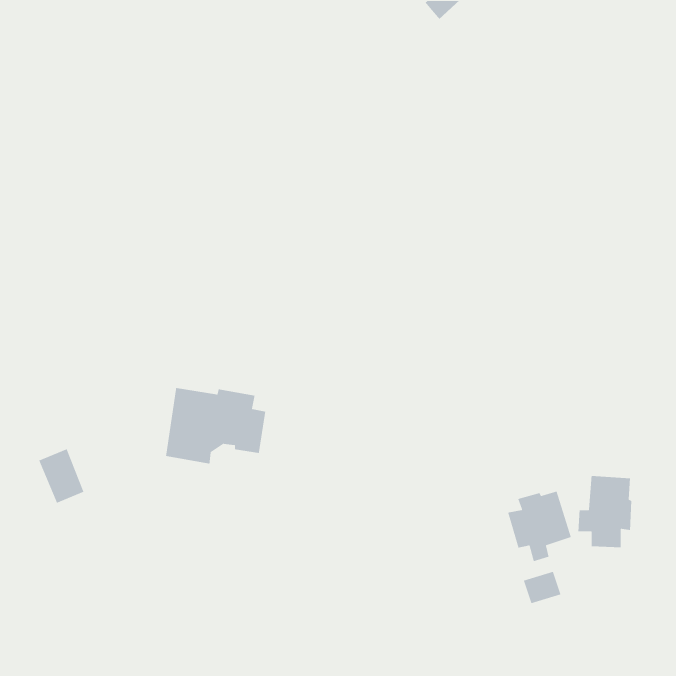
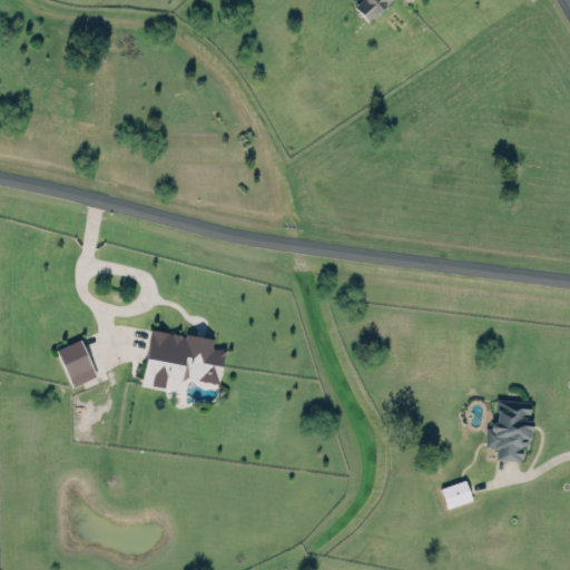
building: [38,448,85,504] -> [58,341,97,387]
building: [507,490,572,562] -> none

